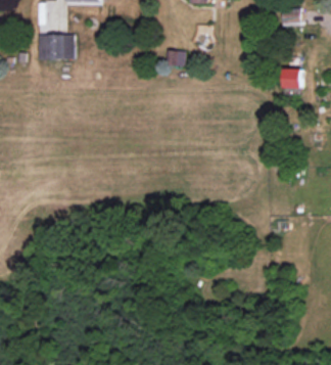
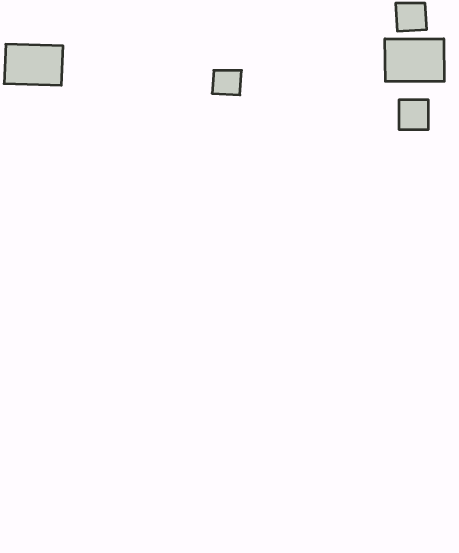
building: none -> [385,39,444,81]

